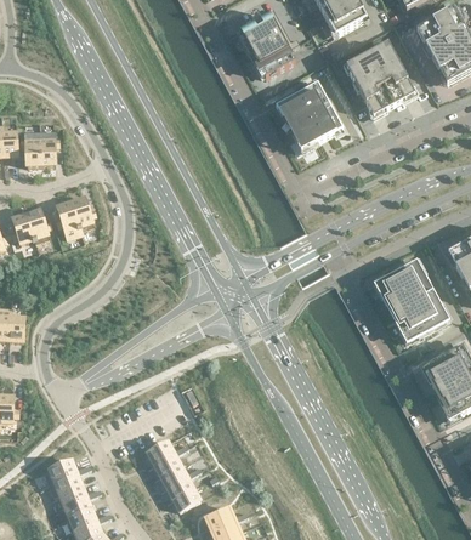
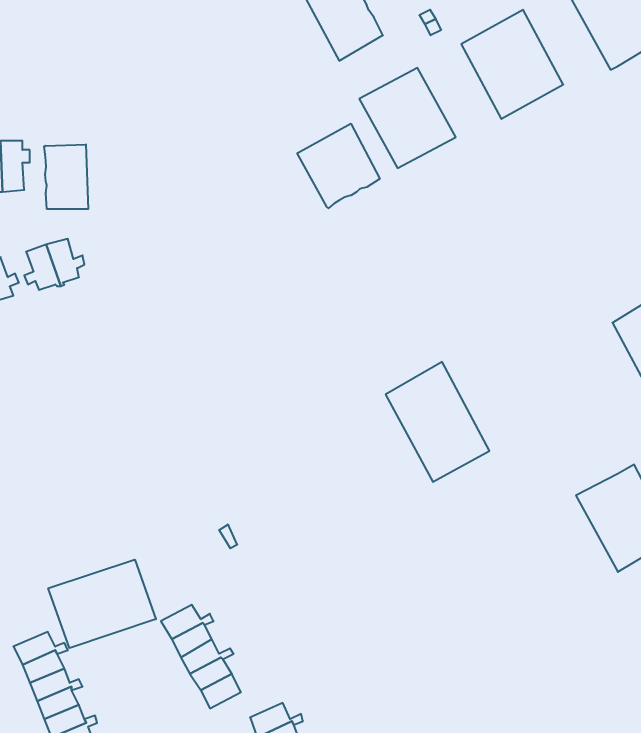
building: none -> [297,124,380,208]
building: none -> [44,144,88,209]
building: [376,261,446,341] -> [386,362,489,482]
building: none -> [48,560,156,648]

